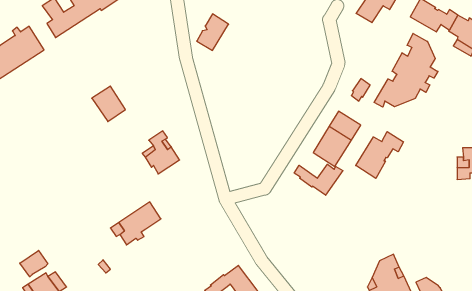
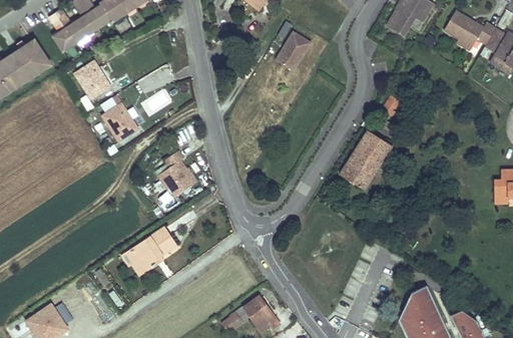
building: [197,14,229,50] -> [276,31,310,70]
building: [374,33,438,107] -> none
building: none -> [75,61,111,99]
building: [356,132,403,178] -> none
building: [294,164,343,195] -> none
building: [20,250,48,277] -> none

